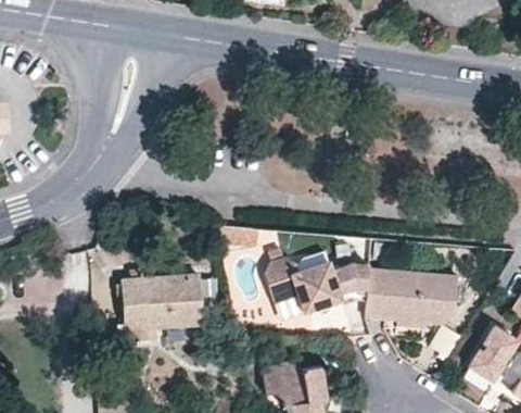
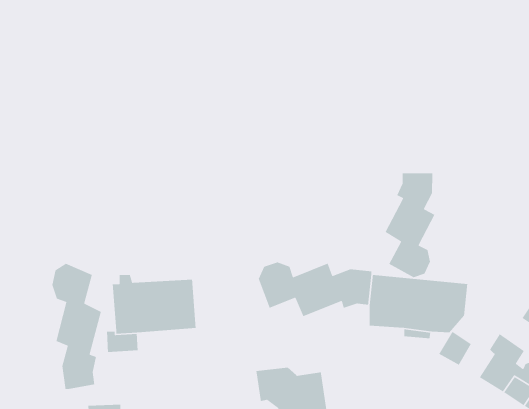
building: none -> [385,172,435,278]
building: none -> [52,263,102,390]

